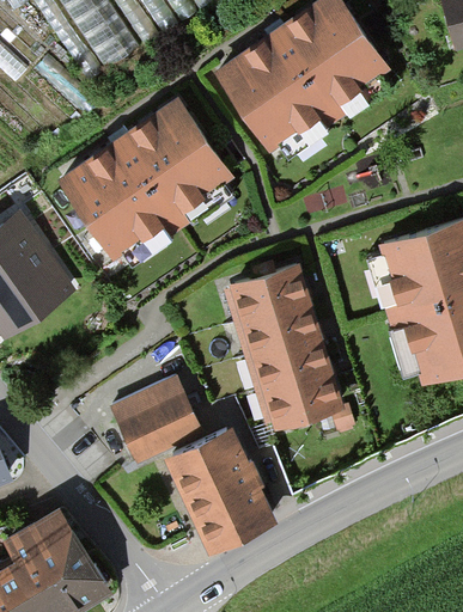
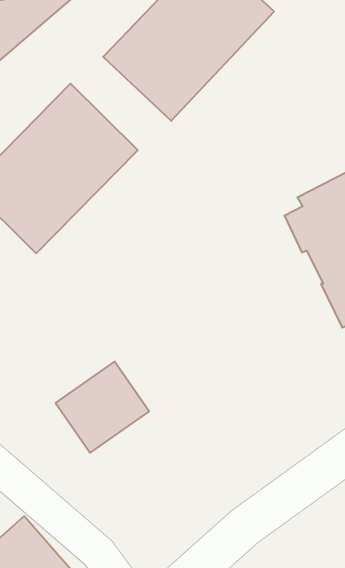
building: [225,258,365,439] -> none
building: [170,427,275,546] -> none

